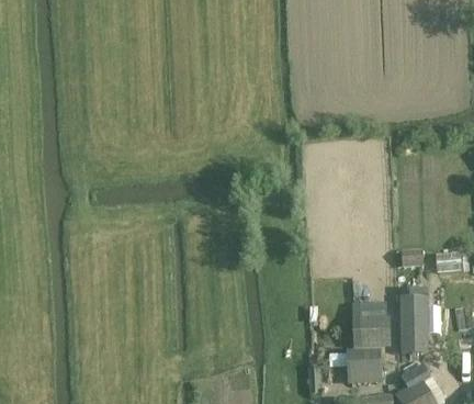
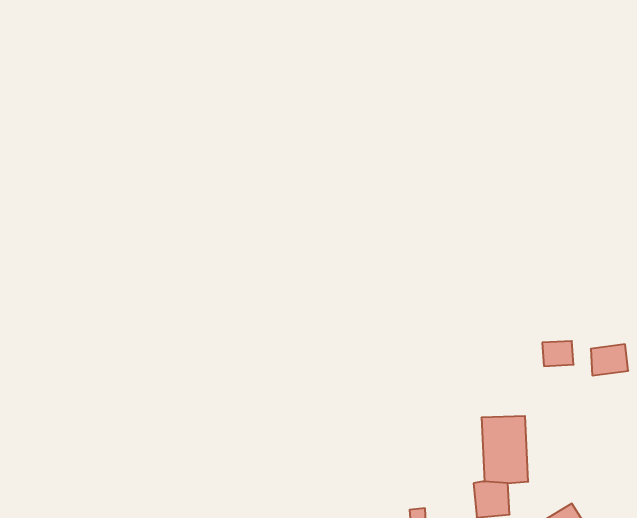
building: [399,294,429,352] -> none

